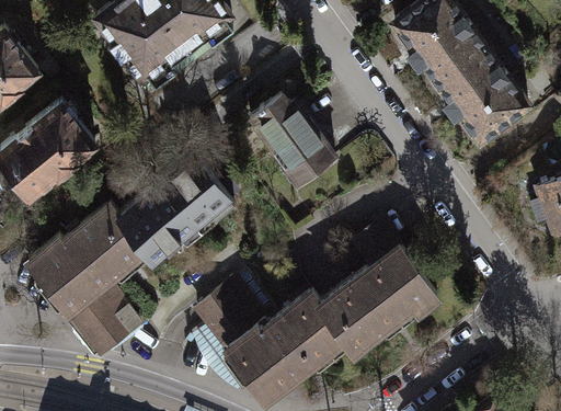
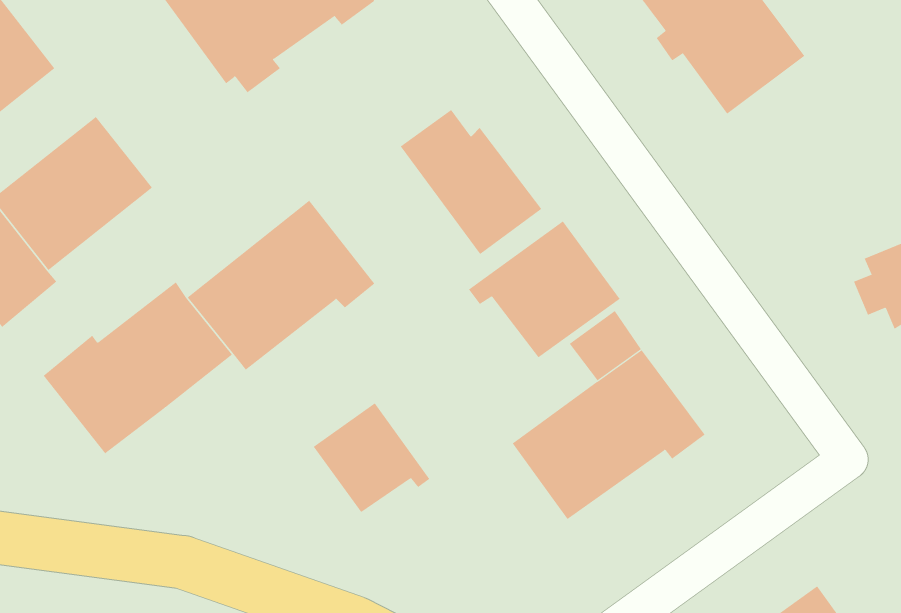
building: [445,65,529,140] -> none
building: none -> [468,220,621,358]
building: [68,282,141,355] -> none
building: [226,295,344,398] -> none

